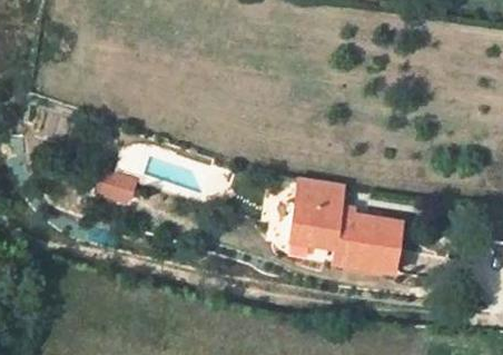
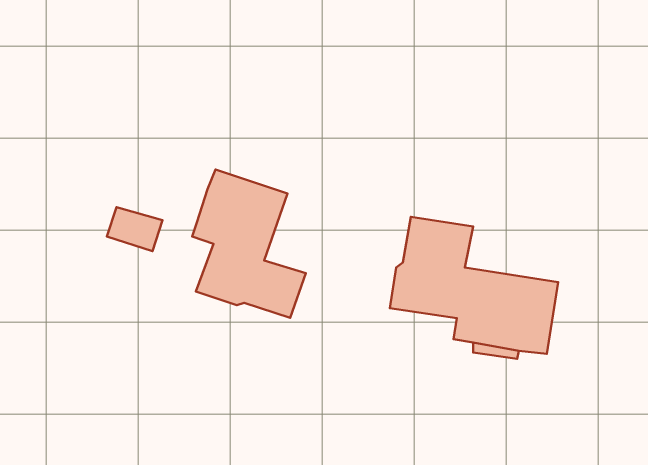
building: none -> [192,170,306,318]

